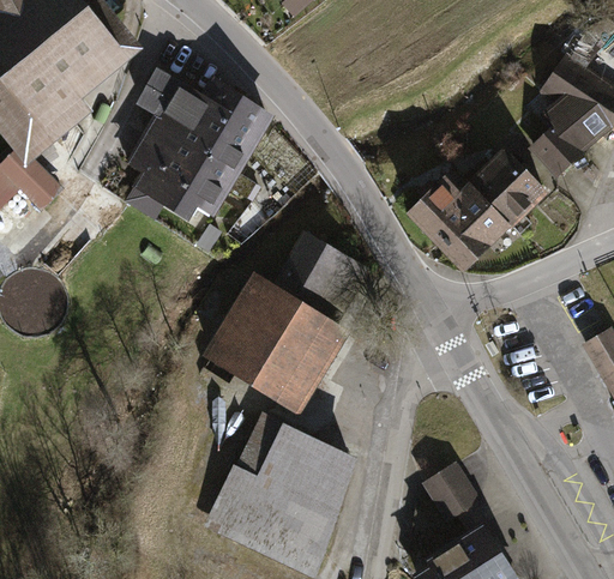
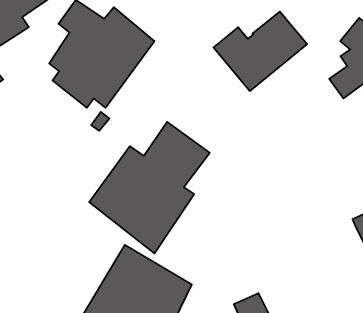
building: [409,149,542,266] -> [214,12,307,91]

